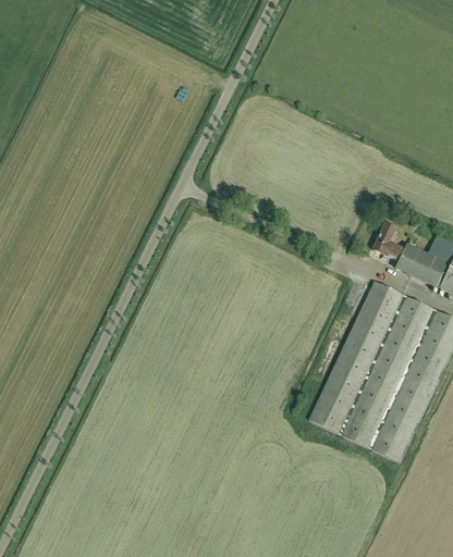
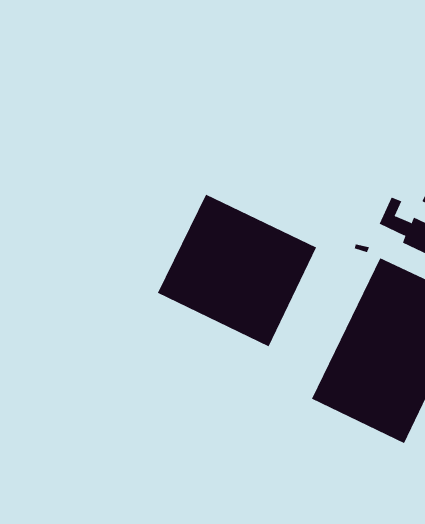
building: none -> [157,194,317,347]

